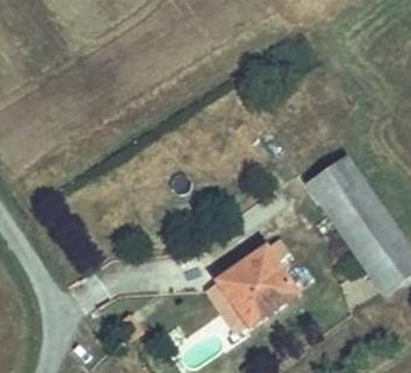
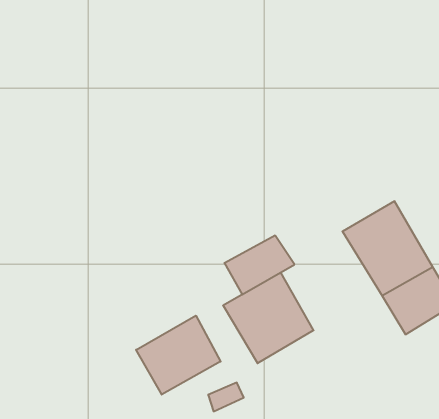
building: [308,157,368,208] -> [224,236,294,295]
building: none -> [136,316,221,395]

